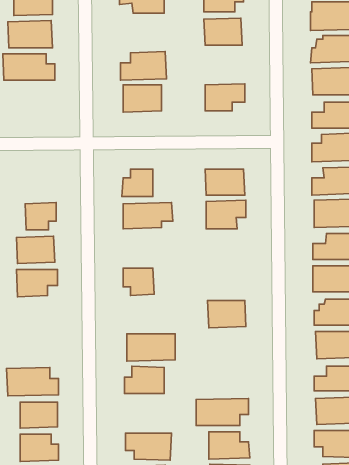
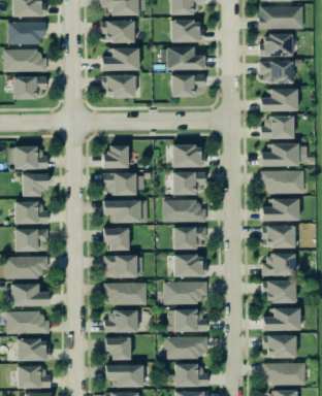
building: none -> [103,21,134,42]
building: none -> [161,47,204,70]
building: none -> [13,76,46,99]
building: none -> [8,146,45,169]
building: none -> [163,199,206,222]
building: none -> [103,200,148,223]
building: none -> [173,227,206,250]
building: none -> [104,255,142,277]
building: none -> [5,256,49,278]
building: none -> [164,282,206,304]
building: none -> [11,284,49,306]
building: none -> [167,309,205,332]
building: none -> [104,337,131,360]

